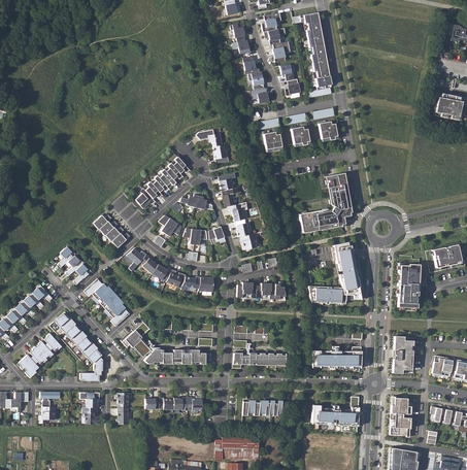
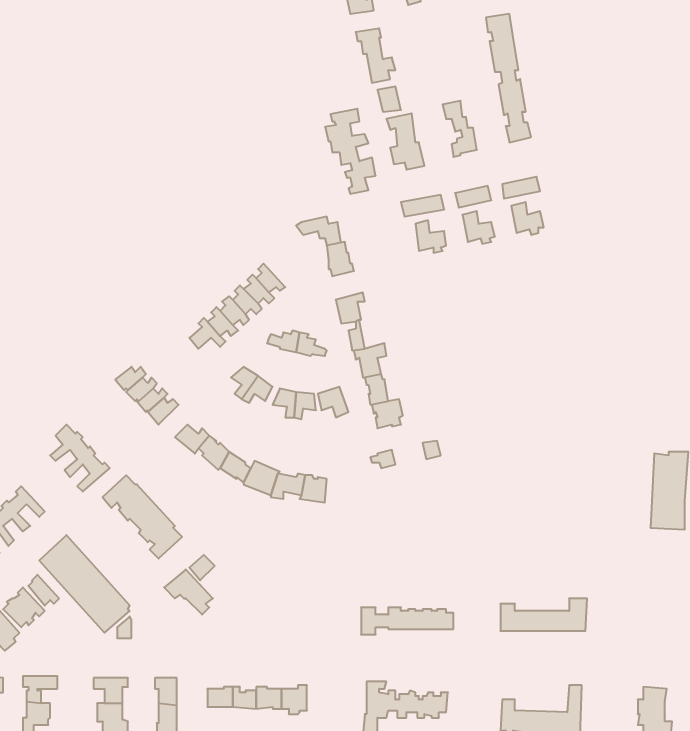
building: [261,13,290,62] -> [325,109,376,194]
building: [300,173,352,231] -> none
building: [308,241,361,304] -> none
building: [237,282,286,300] -> none
building: [393,336,413,374] -> none
building: [143,349,205,364] -> none

